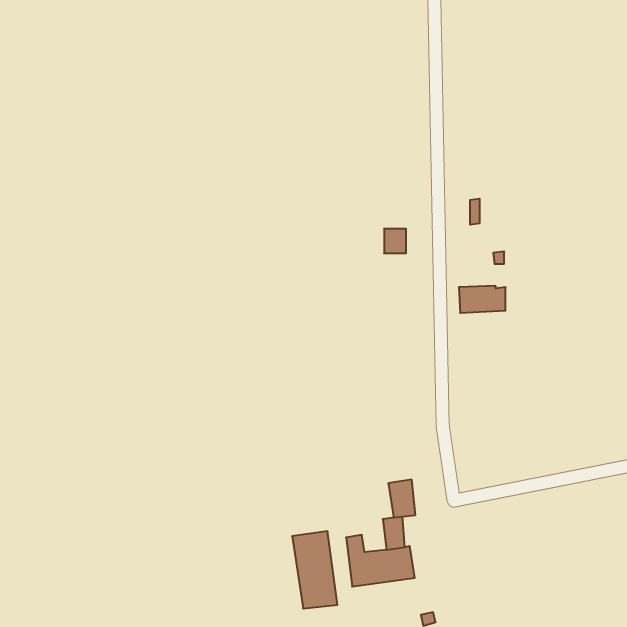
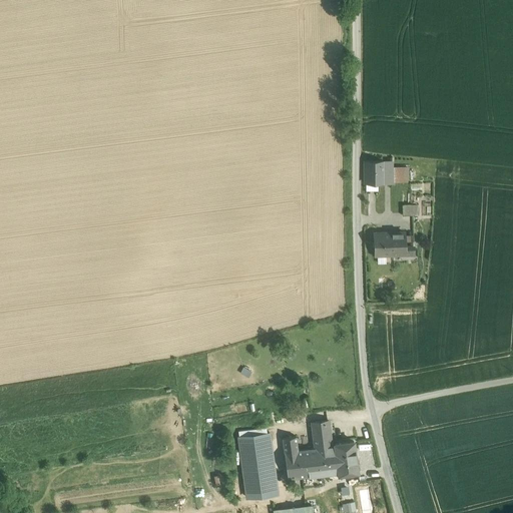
building: [384,229,406,253] -> [366,163,384,183]
building: [388,480,415,518] -> [335,442,357,473]

